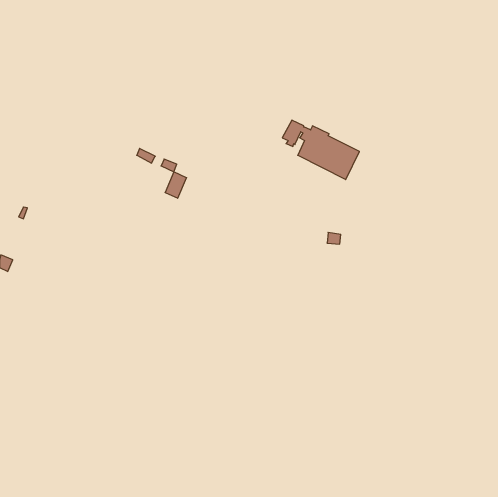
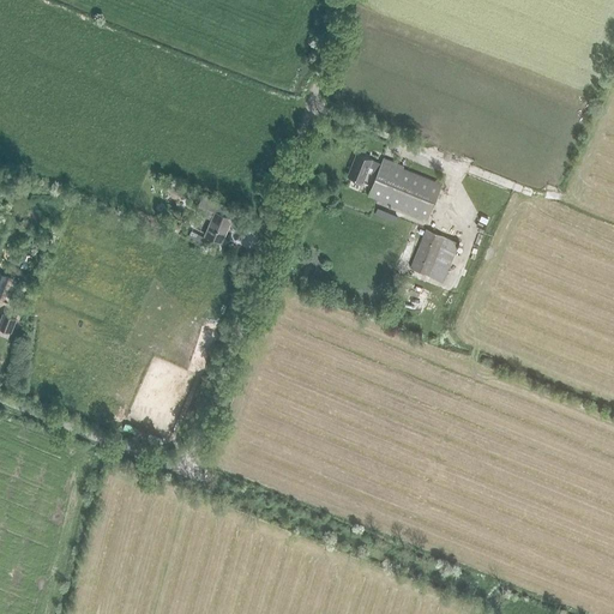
building: none -> [409,231,457,283]

